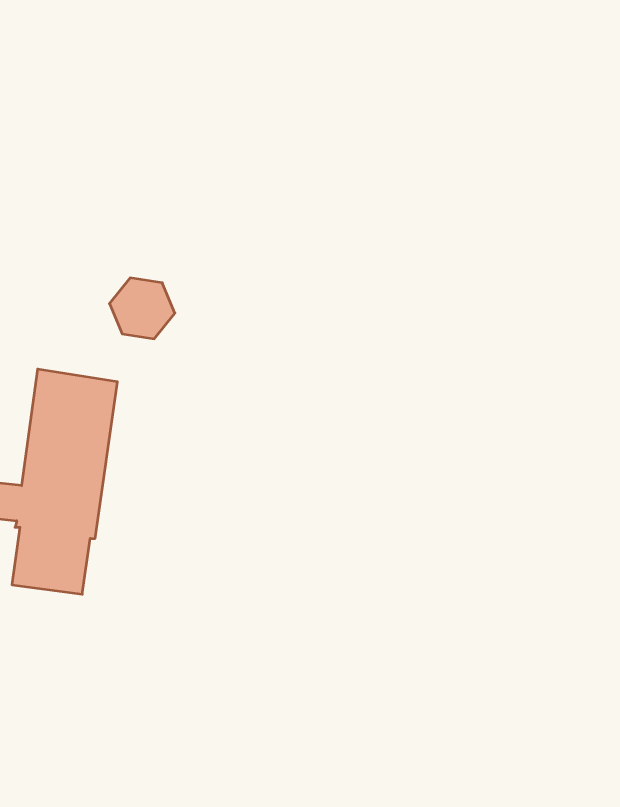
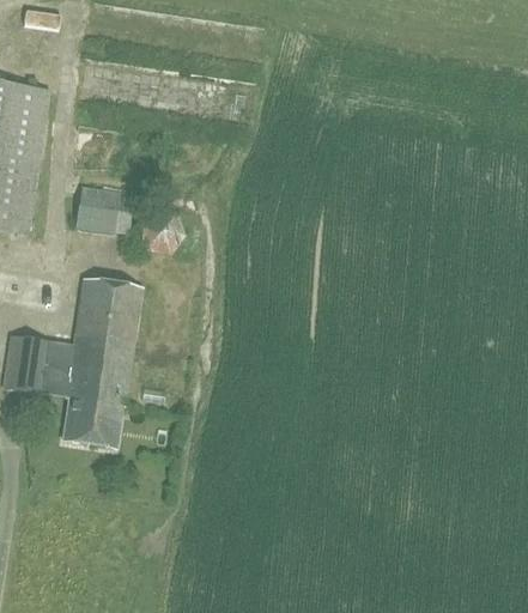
building: none -> [75,188,133,232]

